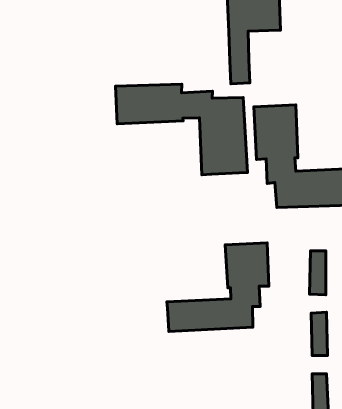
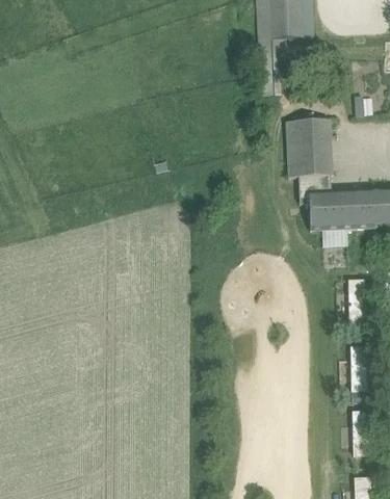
building: [116,84,247,175] -> none
building: [167,243,269,332] -> none

